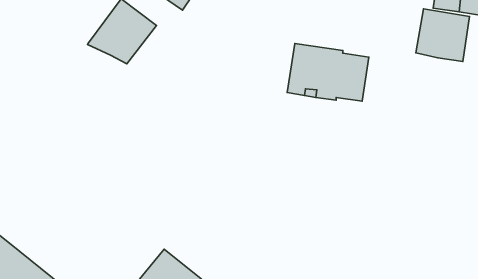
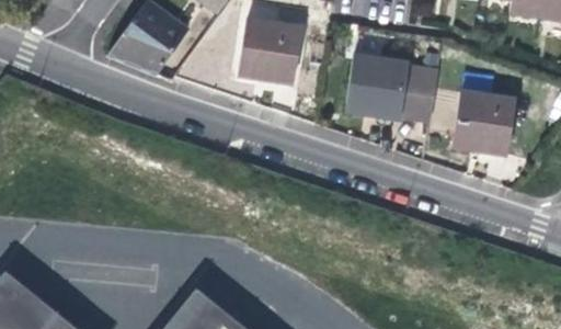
building: [416,9,470,62] -> [449,94,511,155]
building: none -> [237,21,297,83]

